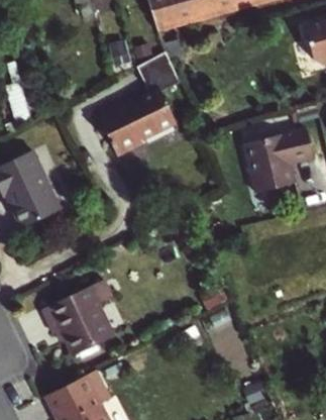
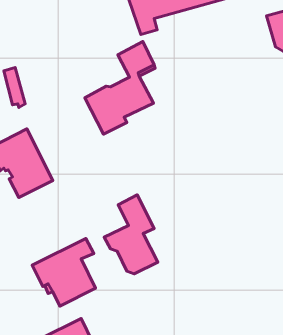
building: [242,127,313,192] -> none
building: none -> [104,195,158,274]

